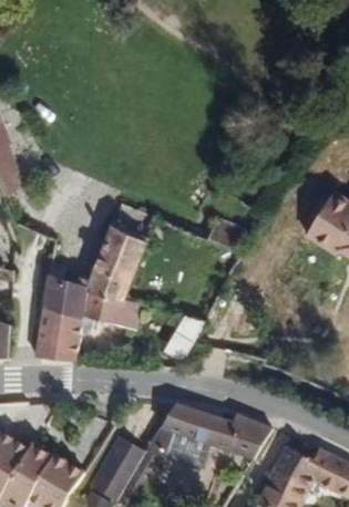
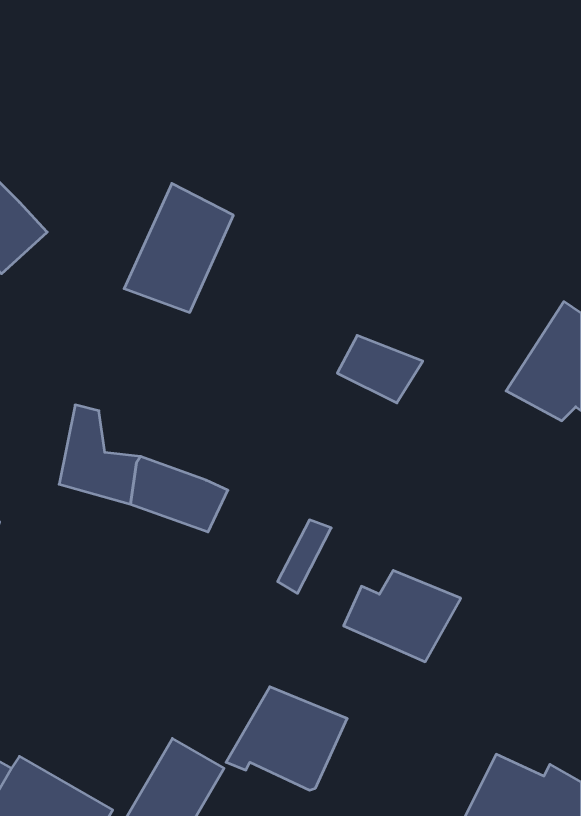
building: [99,219,160,291] -> [124,183,233,312]
building: [43,293,130,353] -> none
building: [204,415,269,466] -> [344,570,461,662]

